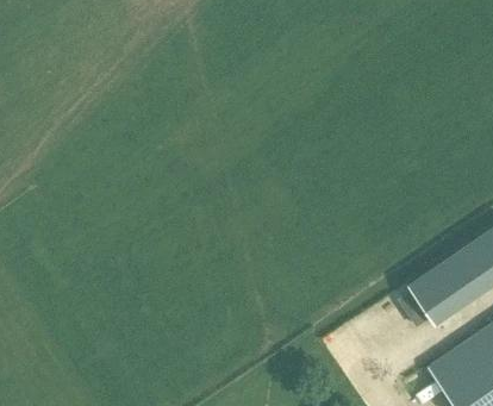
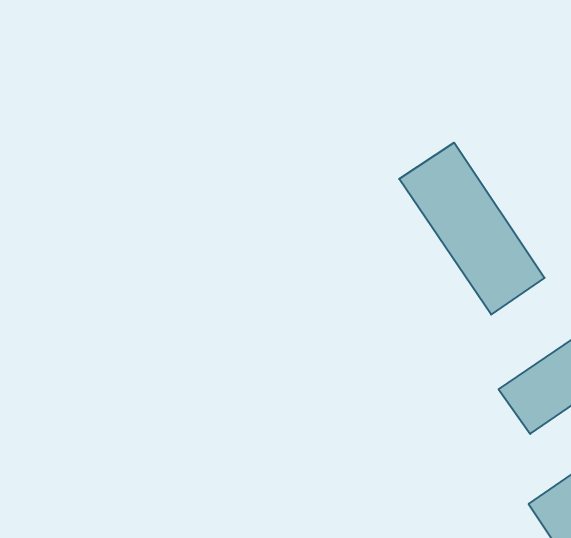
building: none -> [399,143,545,315]

